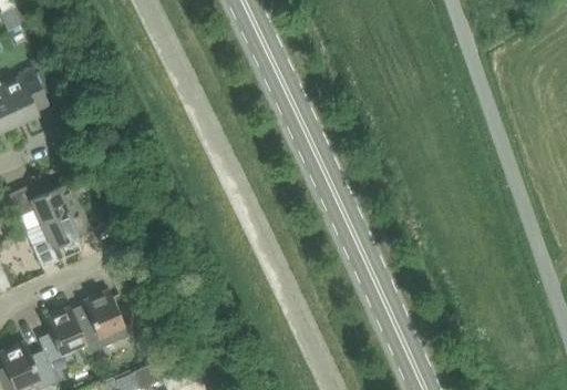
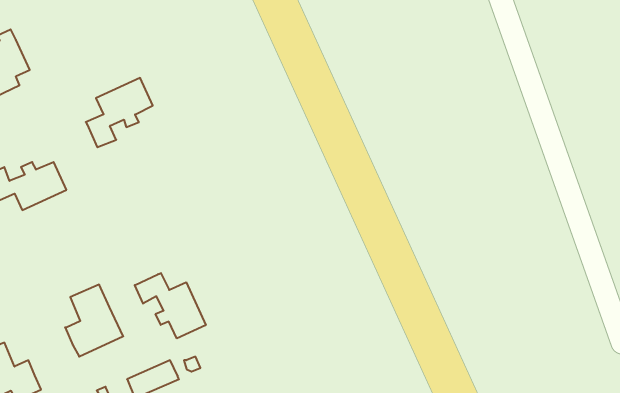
building: [31,206,90,267] -> [86,78,153,147]
building: none -> [135,273,206,338]
building: [40,306,84,369] -> none

